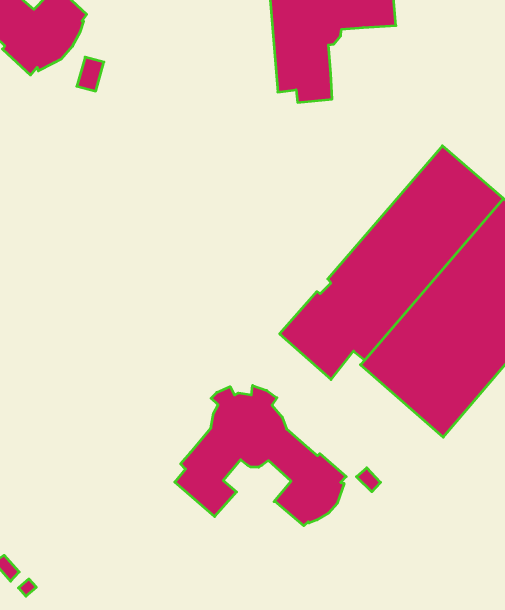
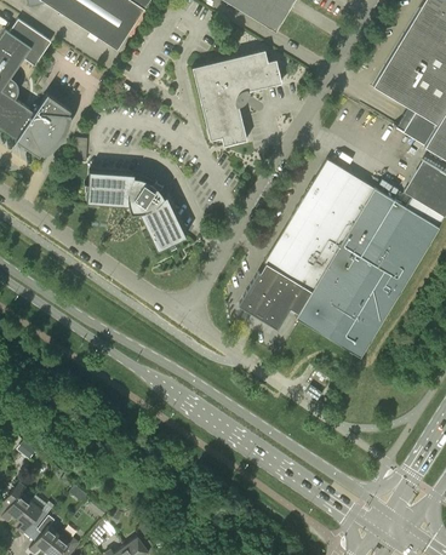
building: none -> [85,170,187,250]
building: [175,385,346,526] -> none

